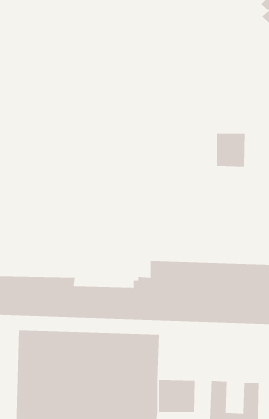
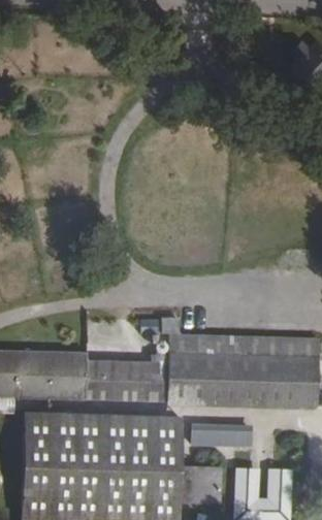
building: [217,133,245,167] -> none
building: none -> [191,422,252,446]

